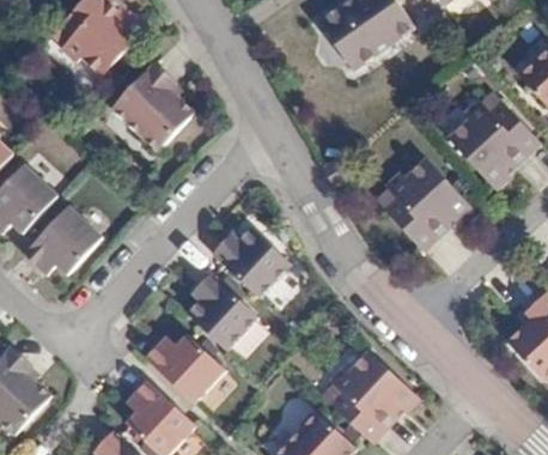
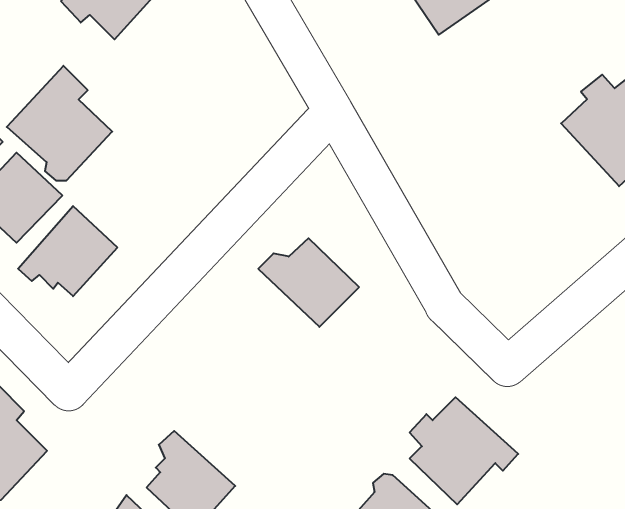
building: [110,59,193,148] -> [7,66,112,180]
building: [385,159,471,245] -> none
building: [188,273,256,350] -> none
building: [146,335,221,401] -> none

